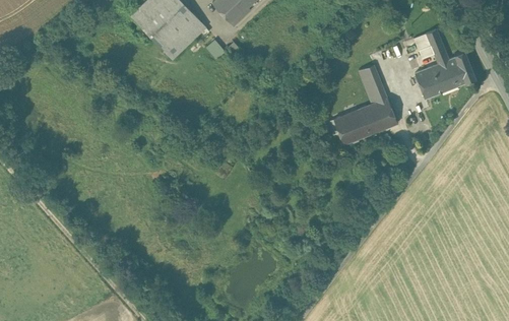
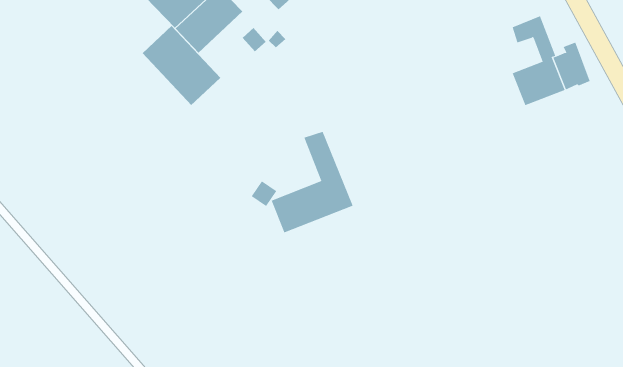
building: none -> [142,25,221,106]
building: [333,66,397,145] -> [271,131,353,233]

